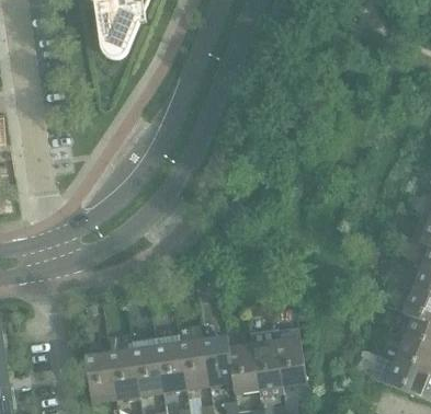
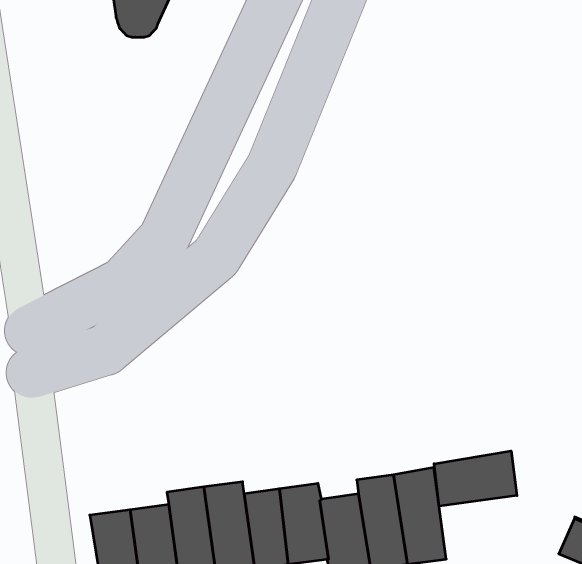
building: none -> [434,451,517,506]

